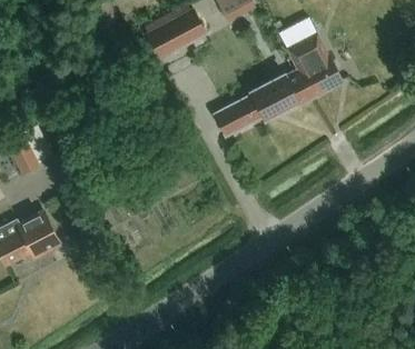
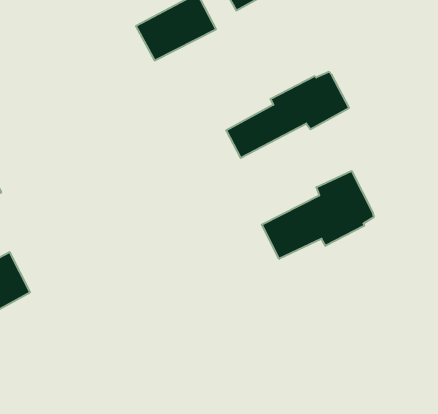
building: [284,34,340,98] -> none
building: none -> [262,171,374,259]

